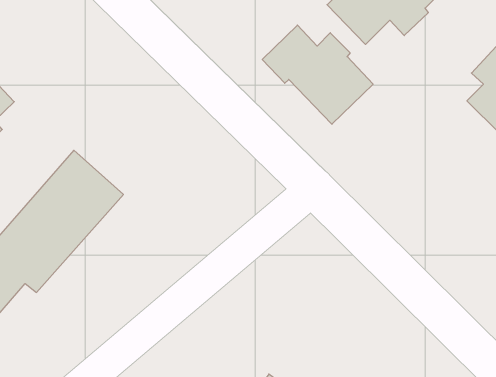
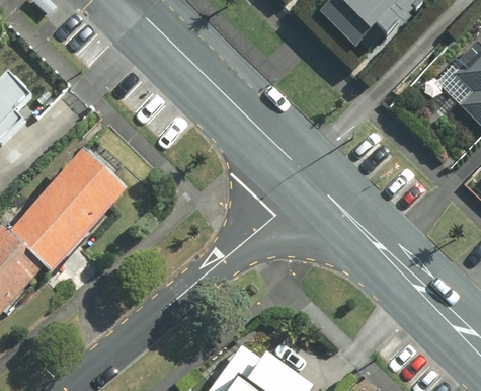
building: [262,25,373,124] -> none

